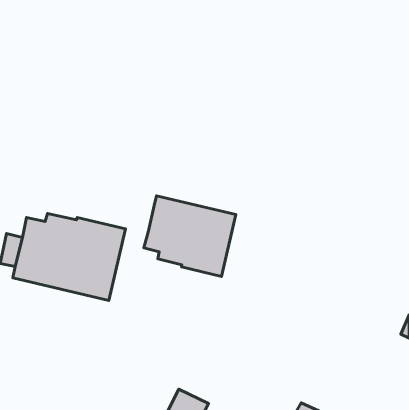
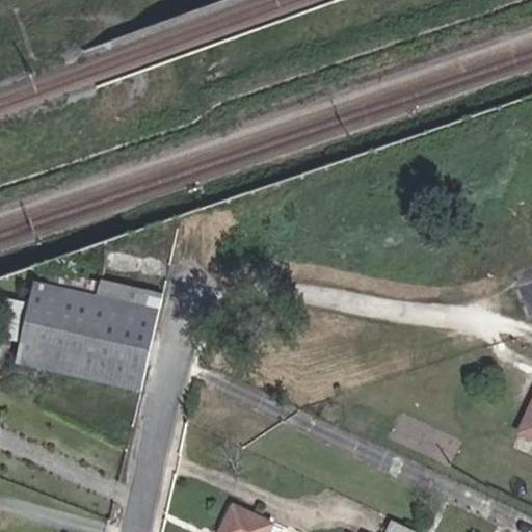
building: [144,196,236,276] -> none

